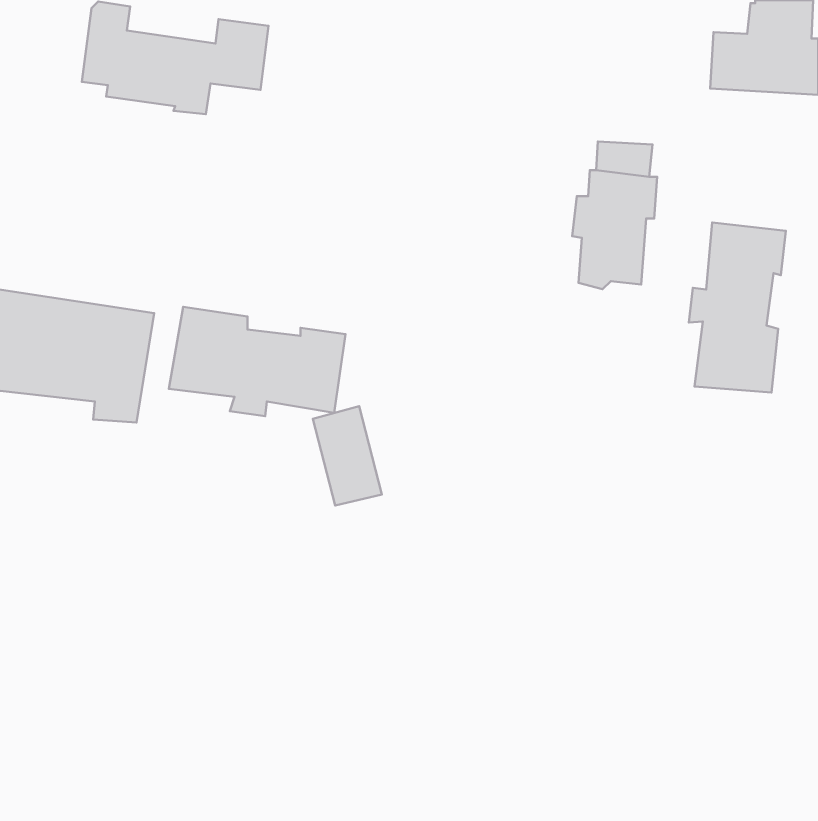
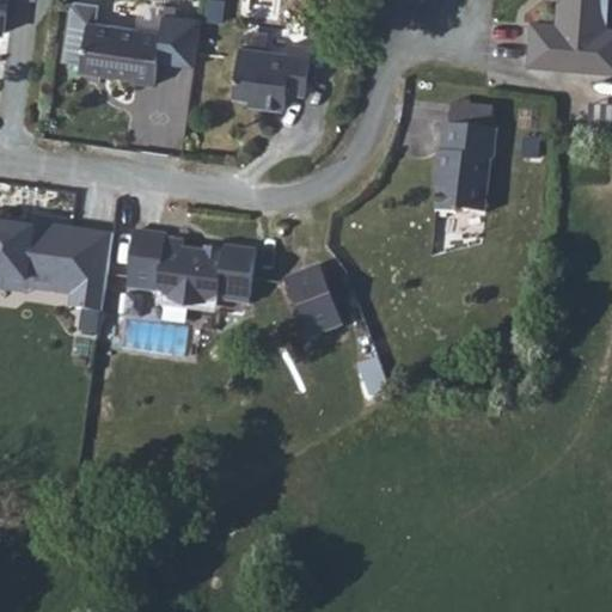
building: none -> [232,44,311,110]
building: [689,222,786,392] -> none
building: [313,406,382,506] -> [289,262,341,336]

